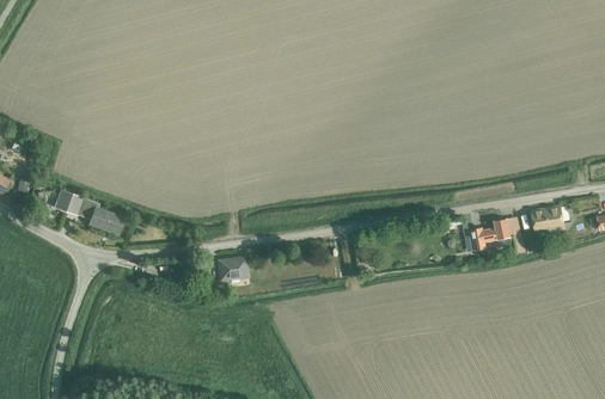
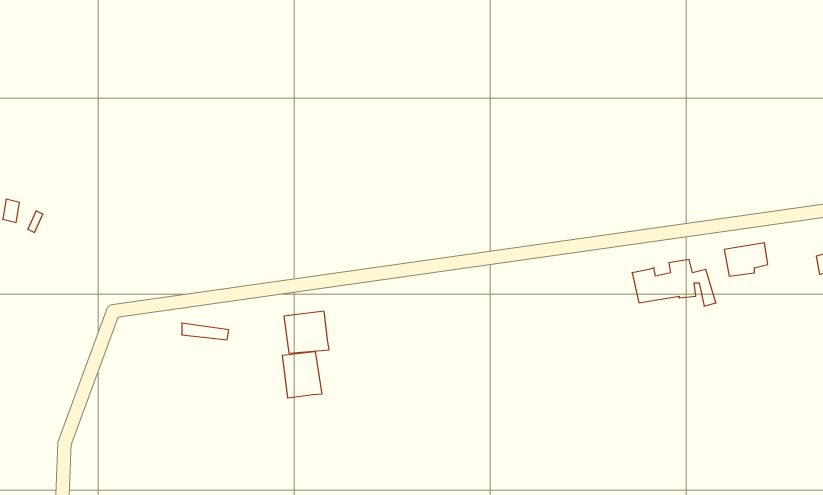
building: [57,189,123,233] -> none
building: none -> [282,352,322,398]

